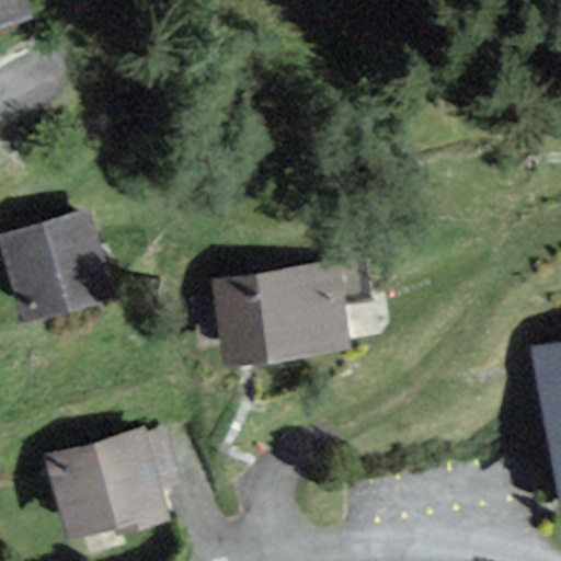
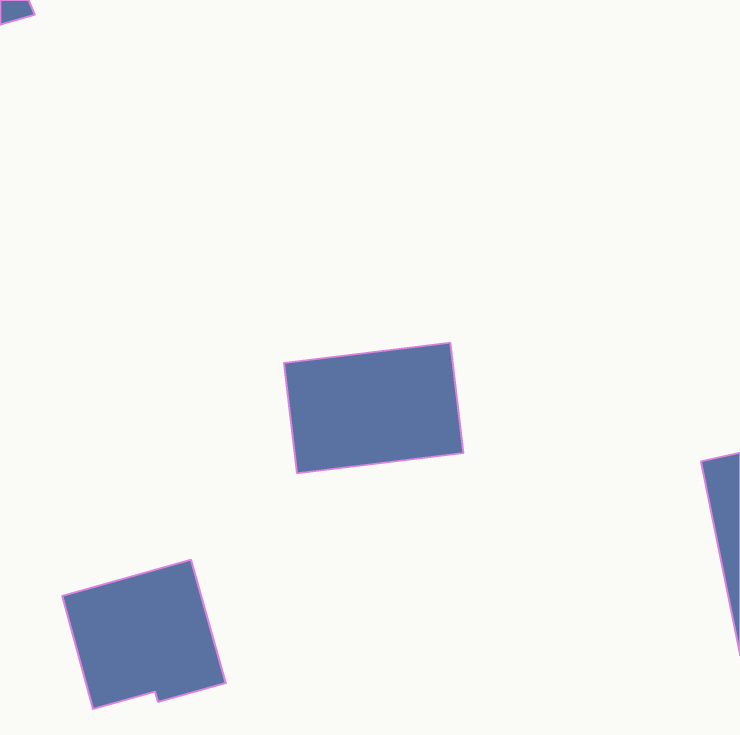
building: [7,217,107,318] -> none

